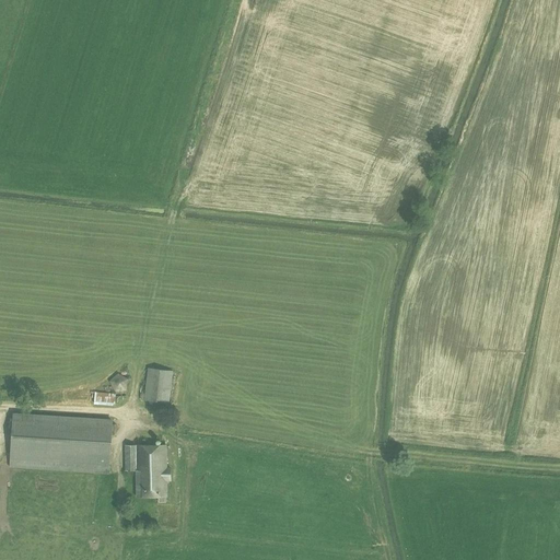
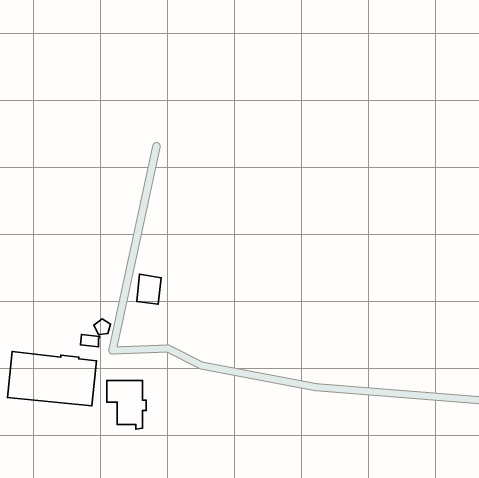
building: [144,366,173,401] -> [137,274,161,304]

